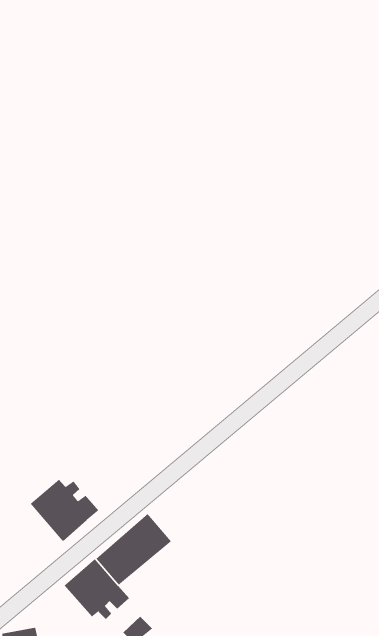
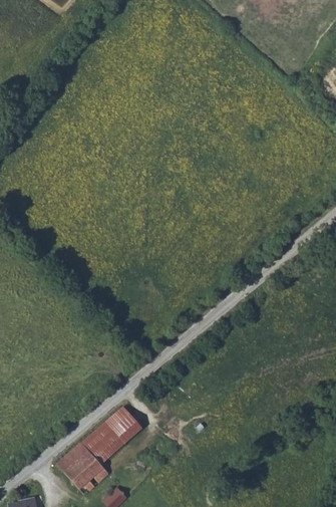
building: [30,479,99,541] -> none

